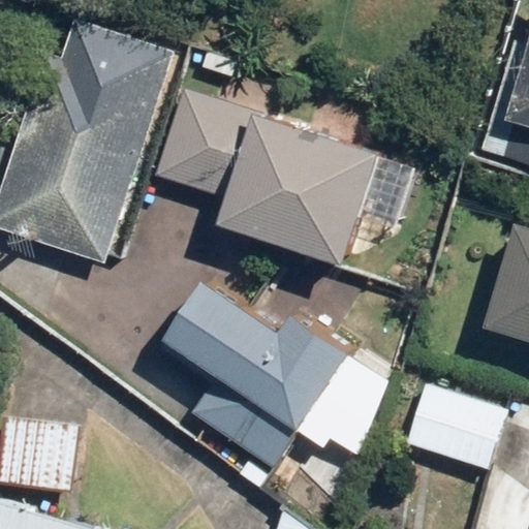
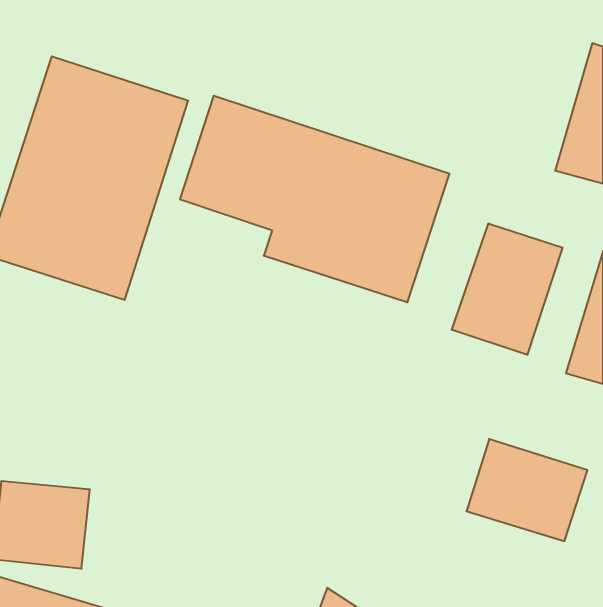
building: none -> [452,223,563,355]
building: [169,282,354,467] -> none

